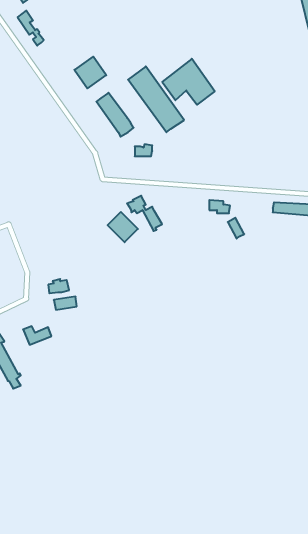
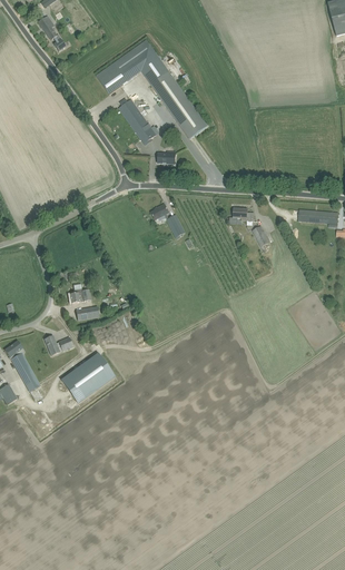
building: [162,59,215,105] -> [115,38,168,85]
building: [108,212,138,242] -> none
building: none -> [61,353,114,402]

